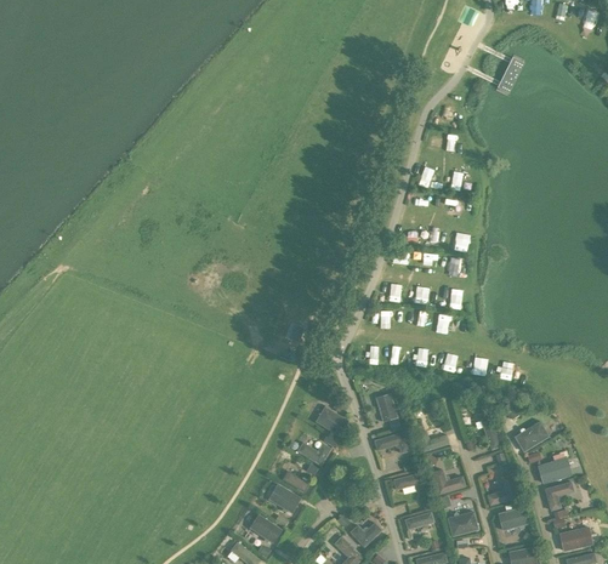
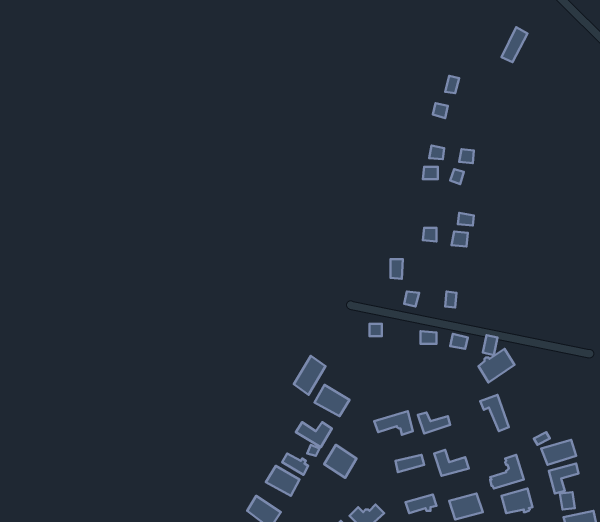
building: none -> [294,356,326,395]
building: [374,393,404,429] -> none
building: [513,420,549,452] -> [478,349,514,382]
building: none -> [324,445,357,478]

